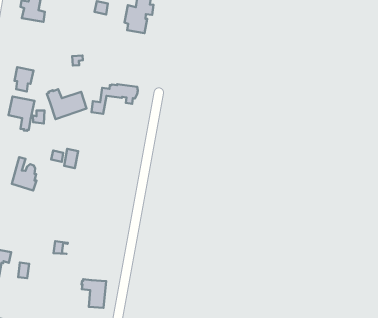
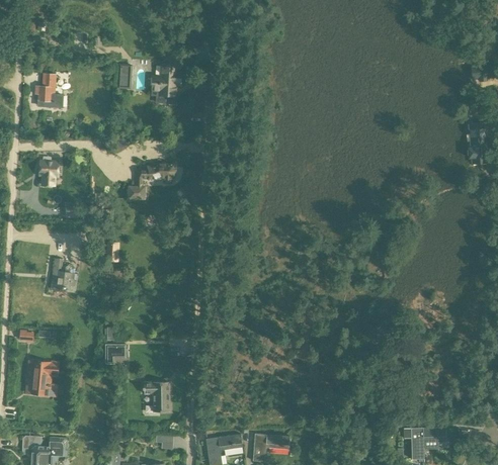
building: [47,89,86,119] -> none
building: [9,97,35,131] -> none

